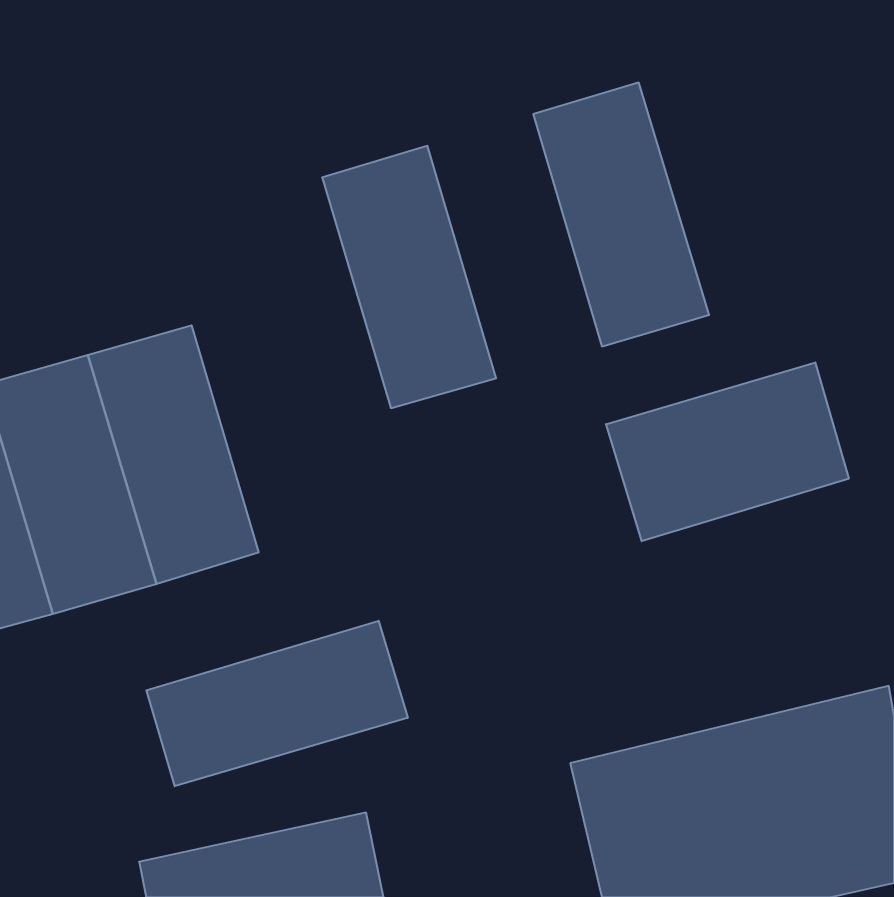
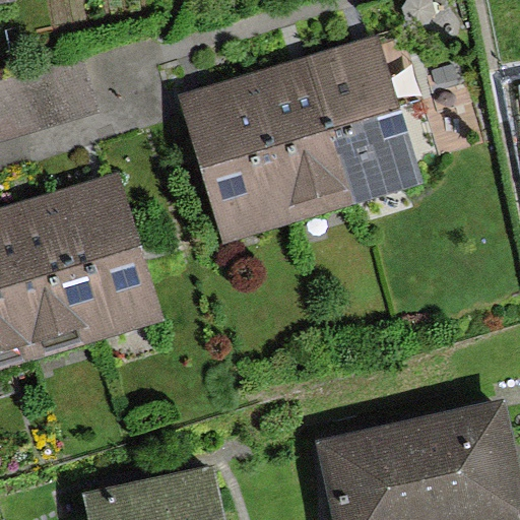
building: none -> [247,66,347,218]
building: [606,362,849,541] -> none
building: [146,621,408,786] -> none

